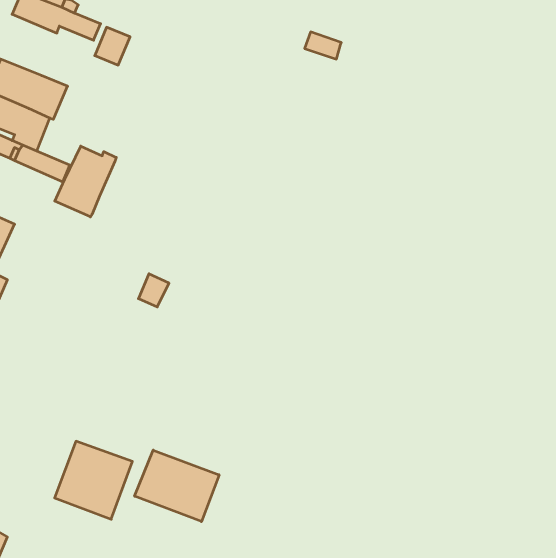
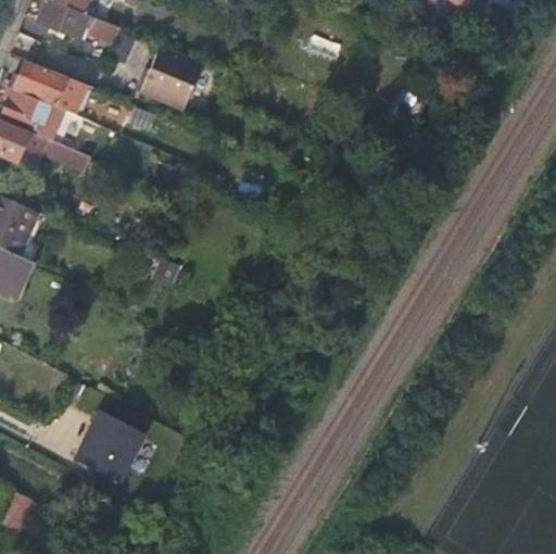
building: none -> [138,46,202,111]
building: [55,146,116,217] -> none
building: [135,450,219,522] -> none

